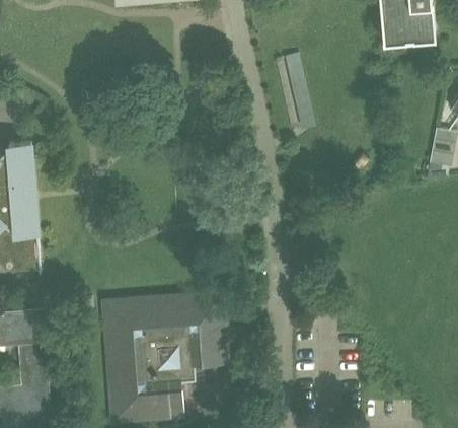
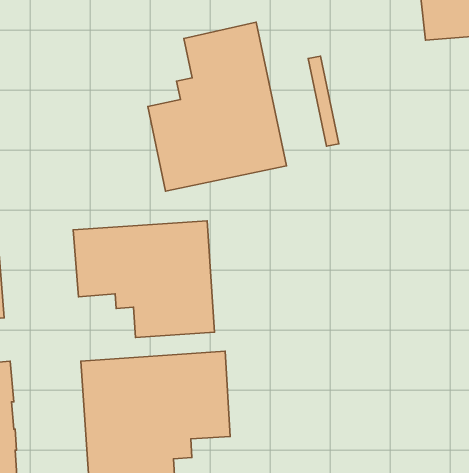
building: none -> [148,22,286,191]
building: none -> [73,221,215,337]

